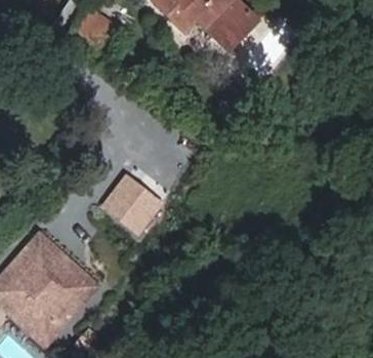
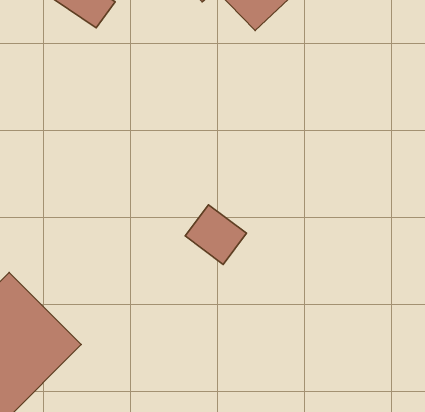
building: [109,177,155,223] -> [185,205,246,265]

